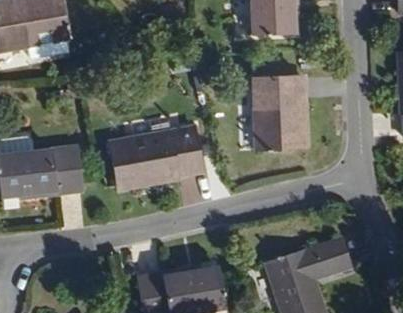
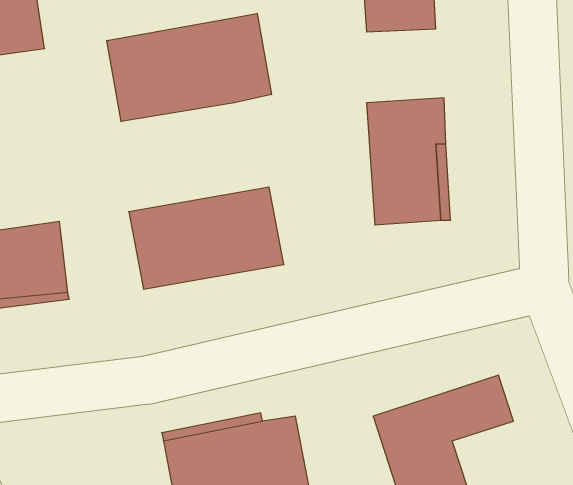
building: none -> [107,13,271,122]

